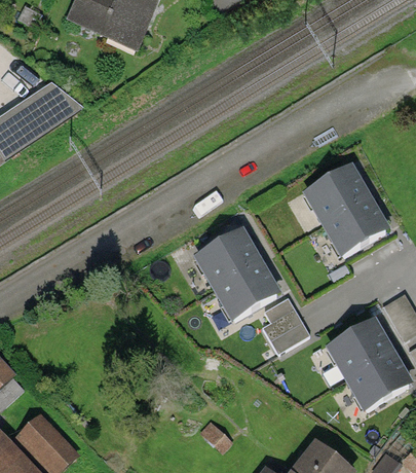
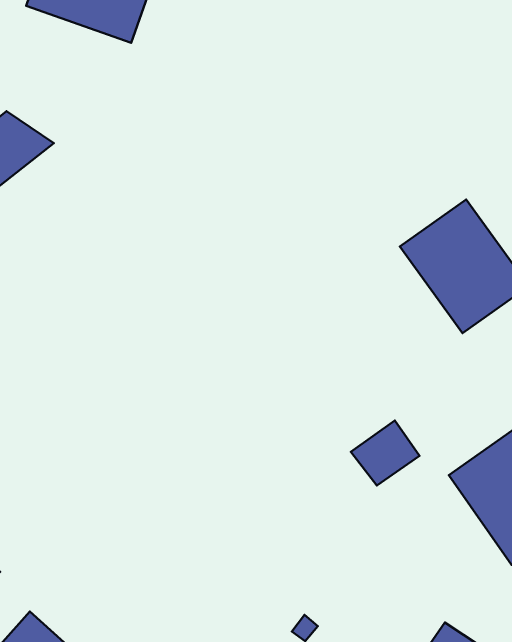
building: [194,228,281,321] -> none

